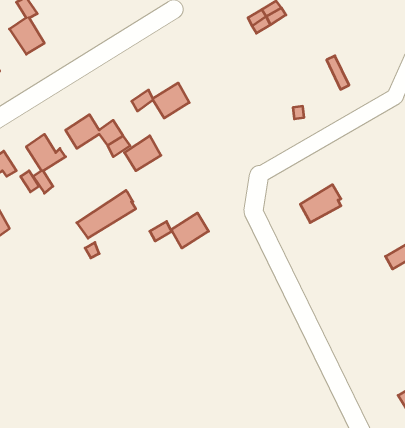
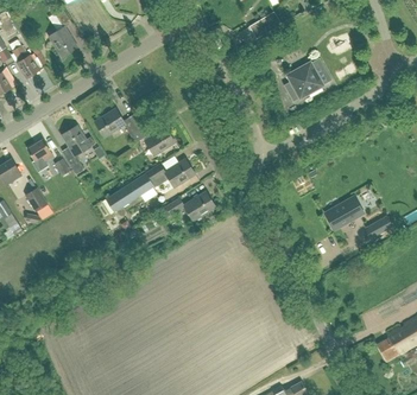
building: none -> [286,62,324,100]
building: [132,83,189,118] -> [147,158,196,187]
building: [300,185,341,223] -> [326,197,360,229]

